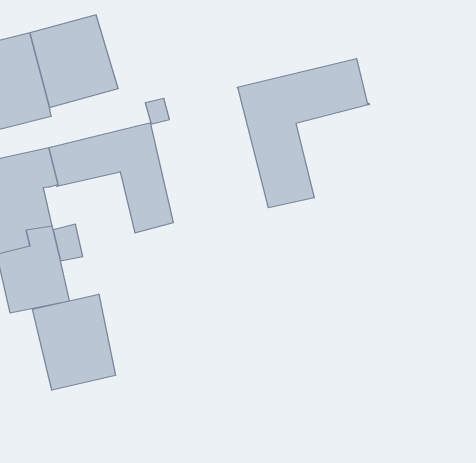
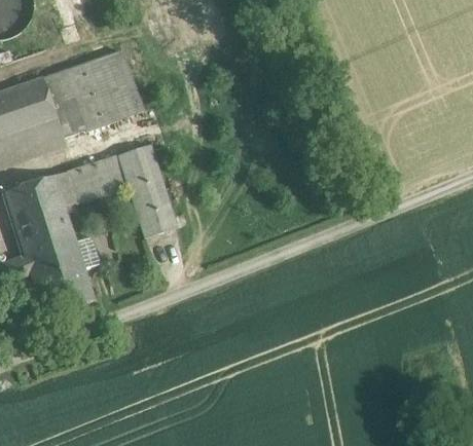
building: none -> [96,48,142,117]
building: [237,58,369,208] -> none
building: [32,294,115,390] -> none

